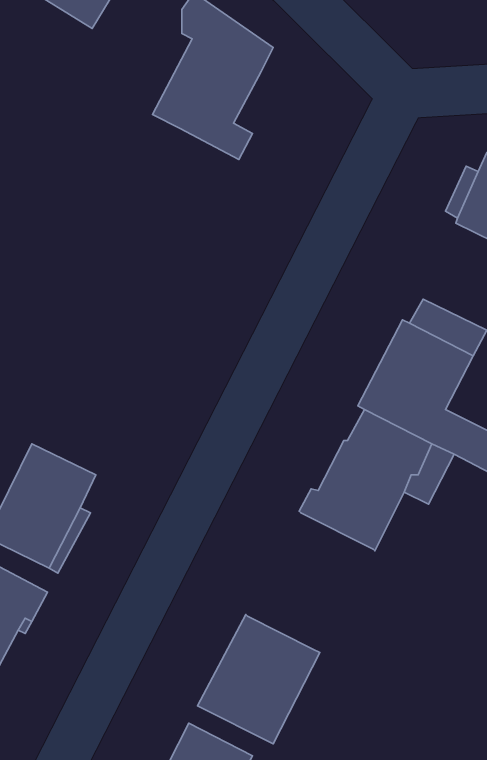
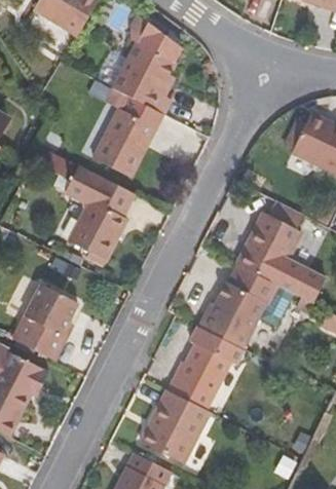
building: none -> [91,87,163,179]
building: none -> [33,147,135,262]
building: none -> [169,326,244,407]

